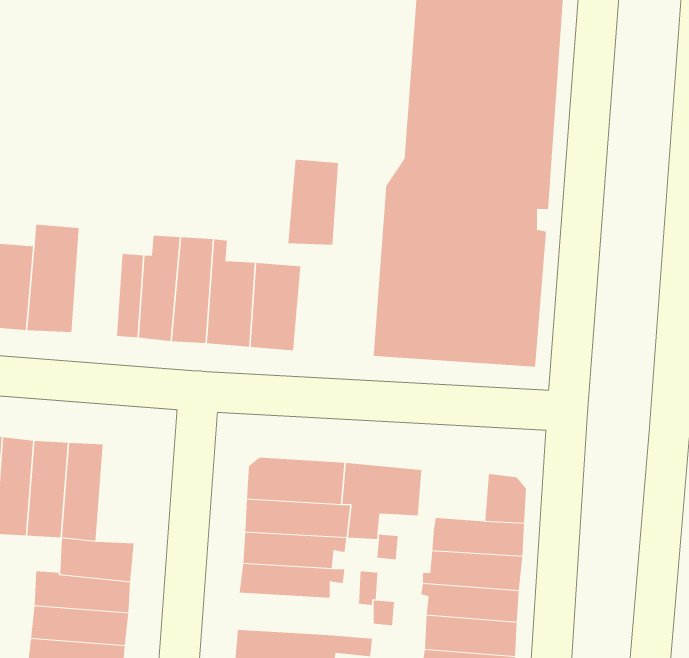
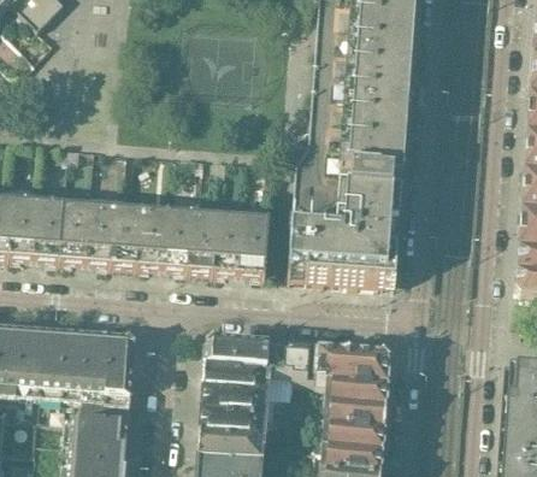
building: [287,159,339,245] -> [236,216,270,272]
building: none -> [90,190,123,261]
building: none -> [106,332,135,398]
building: none -> [318,349,364,383]
building: none -> [199,430,268,458]

